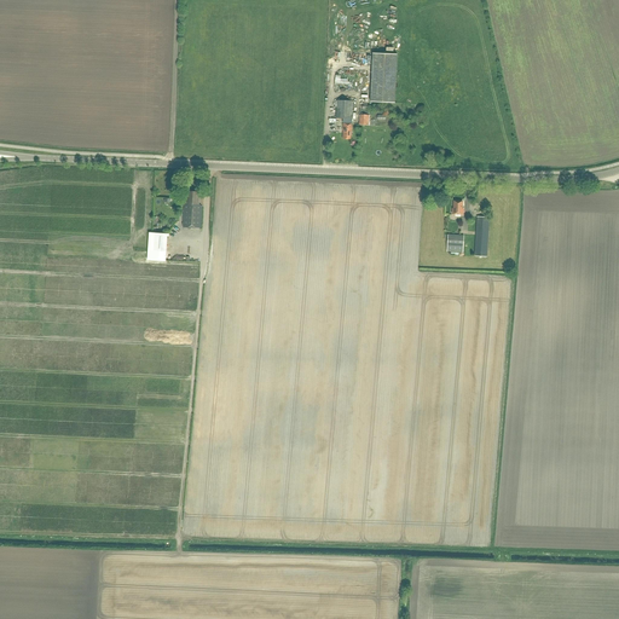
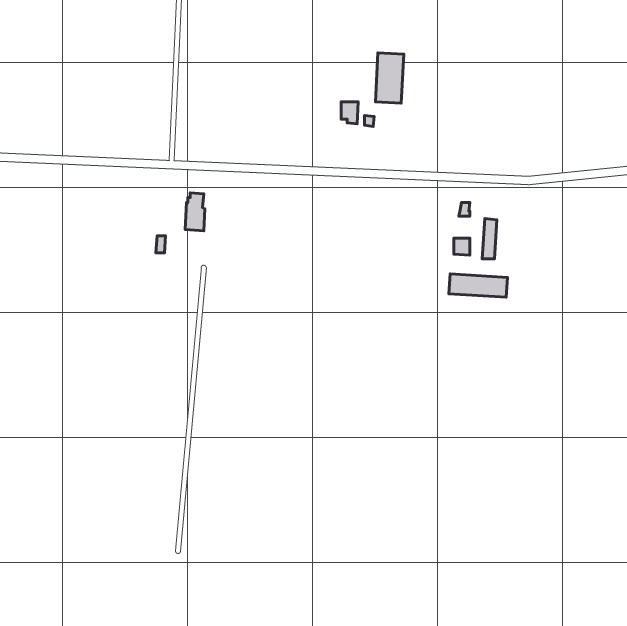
building: none -> [449,274,508,297]

